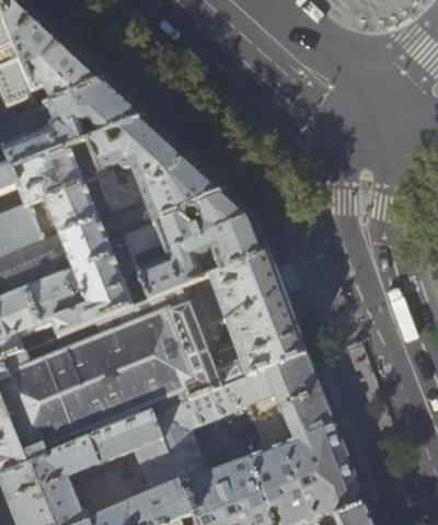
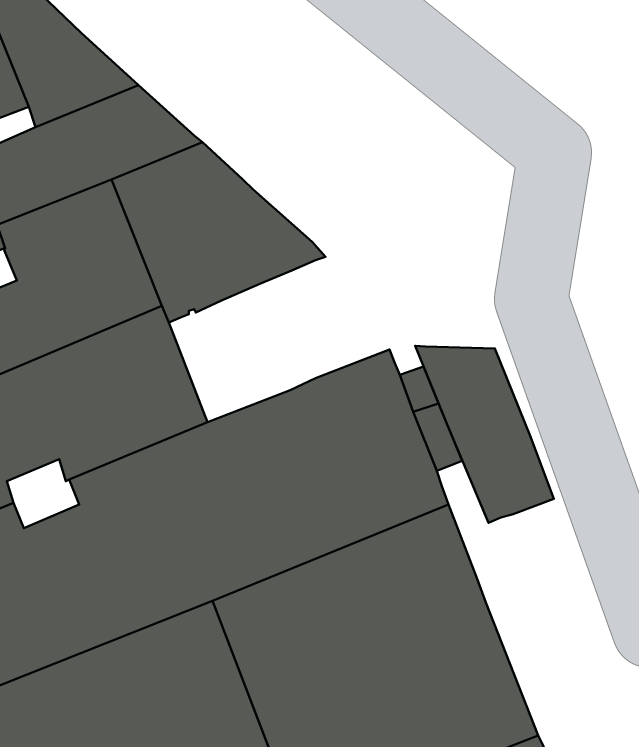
building: [124,195,267,303] -> none
building: none -> [415,346,554,523]

